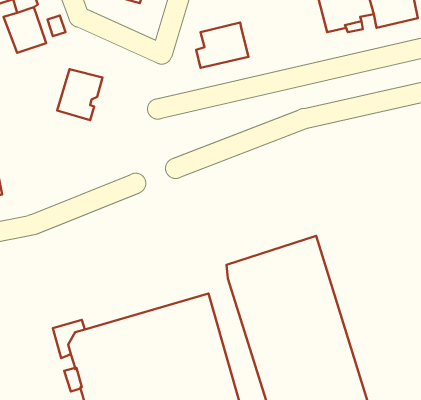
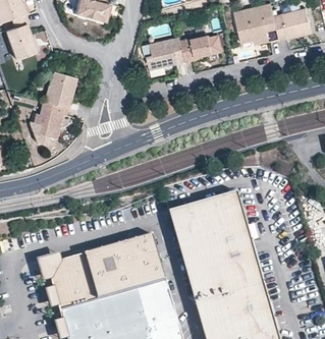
building: none -> [179,35,216,61]
building: none -> [34,101,67,139]

